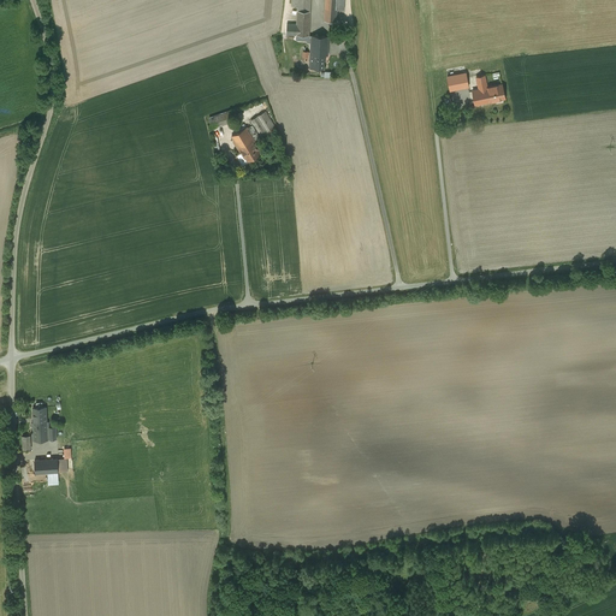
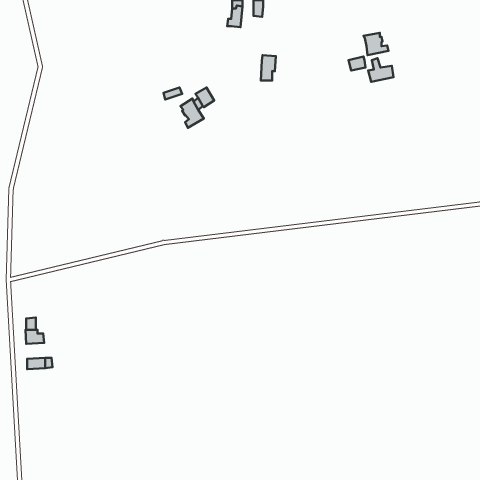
building: [309,35,328,67] -> [261,55,276,80]
building: none -> [364,33,389,55]

